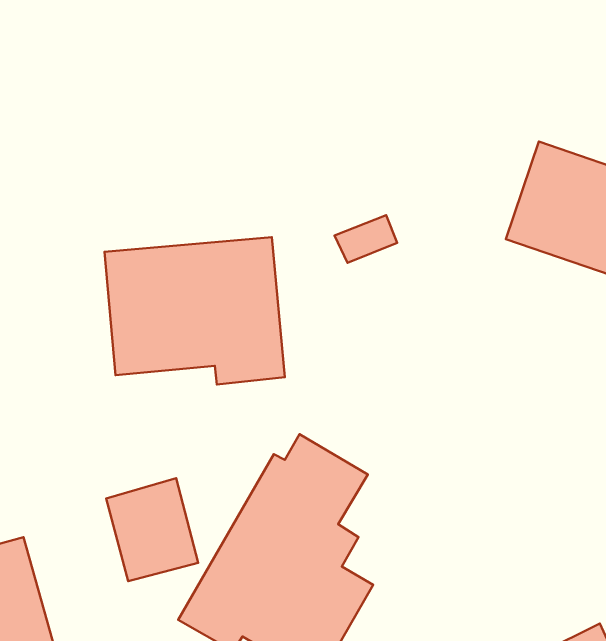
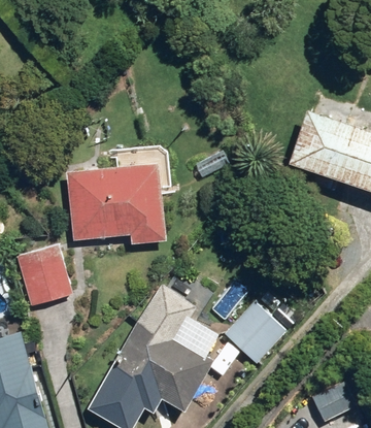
building: [106,478,198,581] -> [18,249,69,306]
building: none -> [222,299,286,364]

